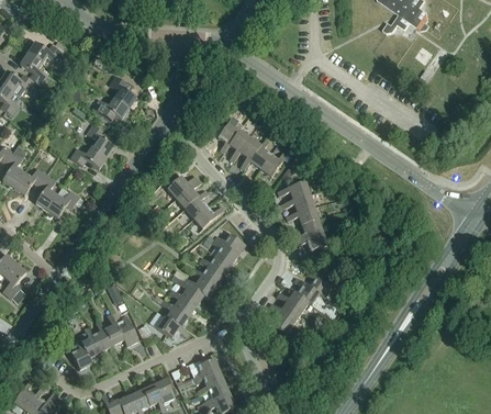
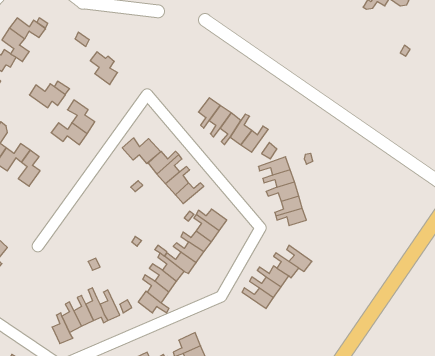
building: [92,98,129,122] -> [29,84,65,108]
building: none -> [122,138,161,164]
building: [47,188,81,219] -> none

